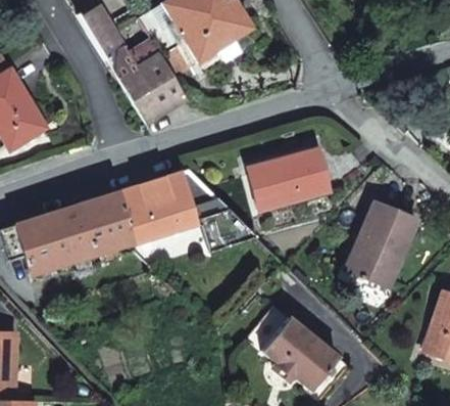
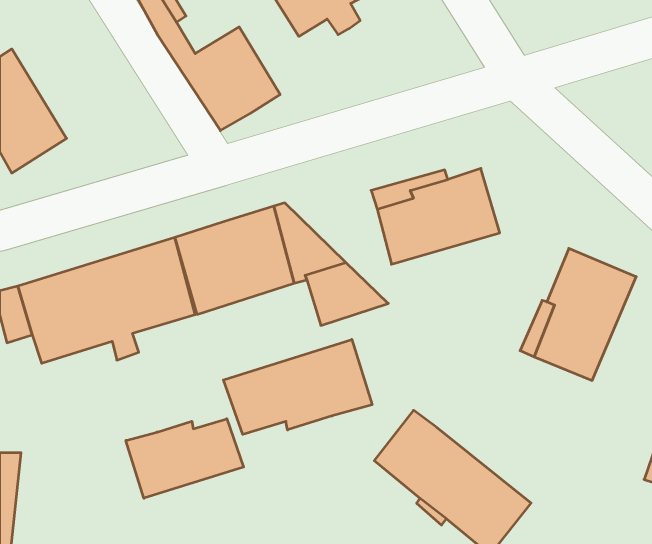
building: none -> [223,339,372,434]
building: none -> [126,419,244,498]

